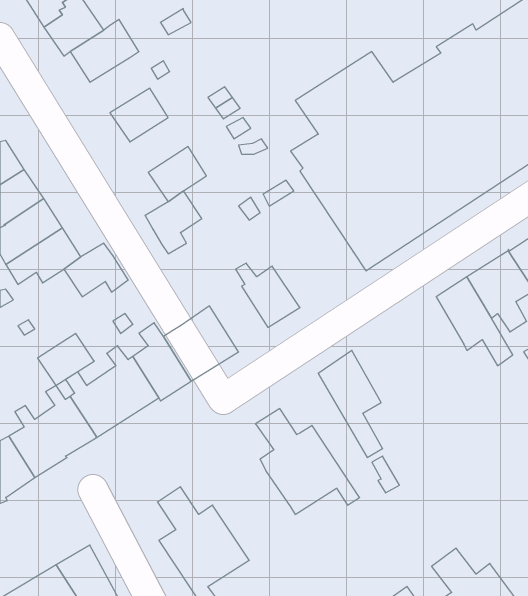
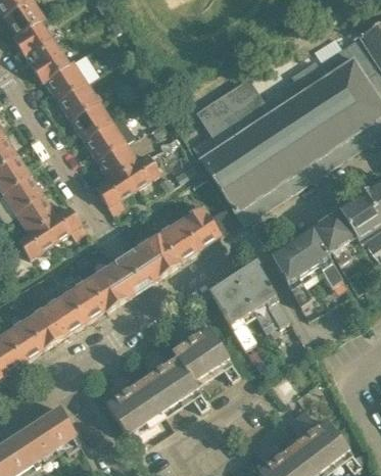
building: none -> [60,82,100,118]
building: none -> [87,122,126,158]
building: none -> [123,153,161,189]
building: none -> [182,200,221,248]
building: none -> [134,232,181,278]
building: none -> [271,241,312,306]
building: none -> [235,263,290,327]
building: [38,333,94,386] -> [17,223,55,257]
building: none -> [140,345,209,417]

